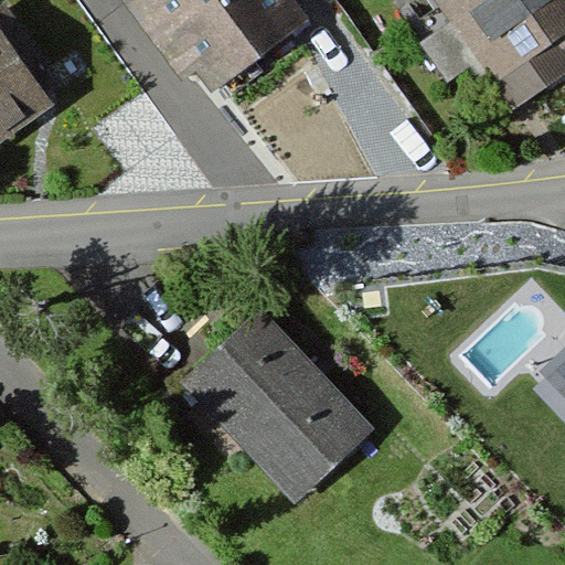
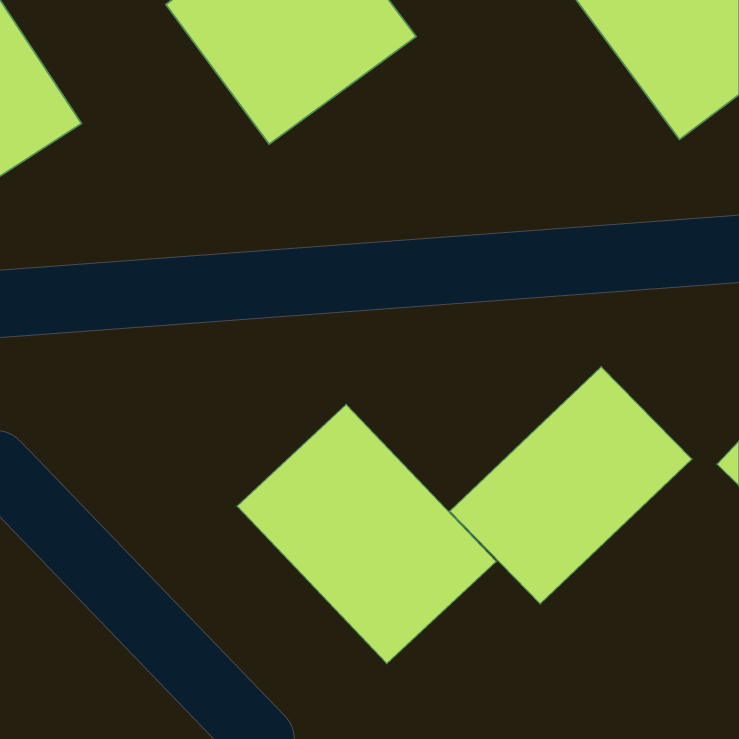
building: none -> [450,367,692,604]

